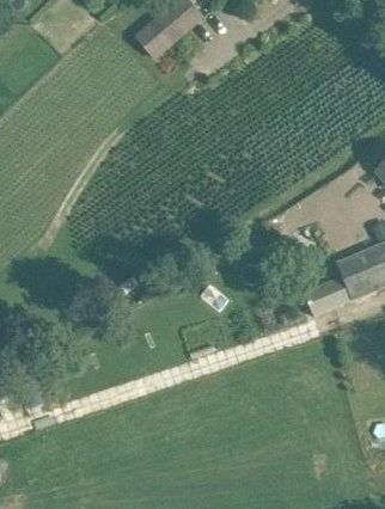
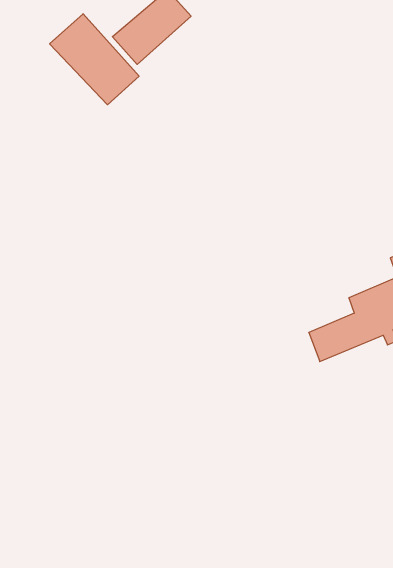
building: none -> [50,14,139,105]

